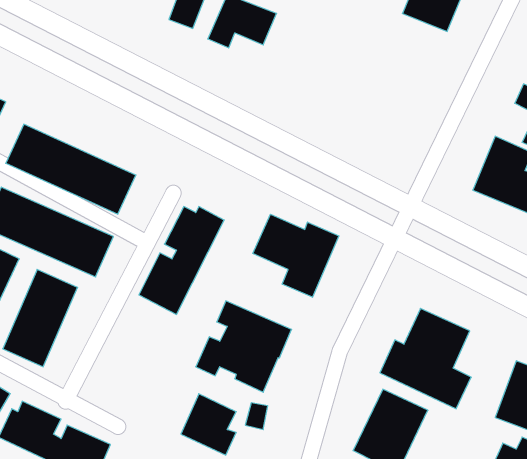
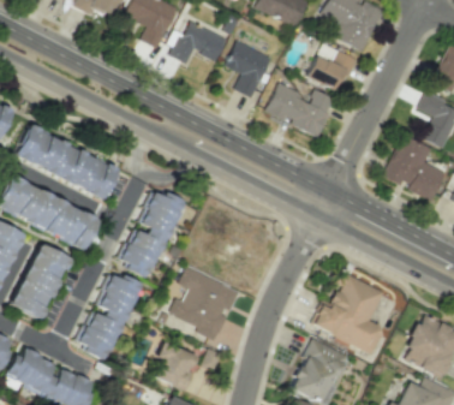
building: none -> [226,40,273,97]
building: none -> [307,43,359,89]
building: none -> [267,83,336,136]
building: [253,214,339,297] -> none
building: none -> [77,273,139,359]

